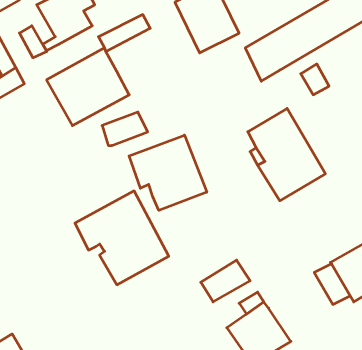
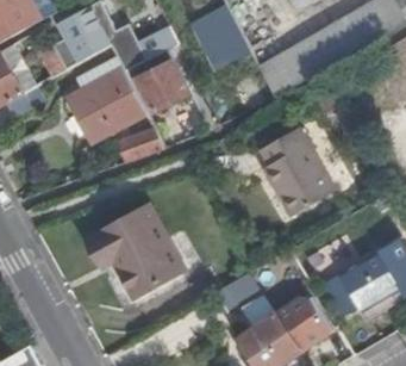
building: none -> [137,63,189,113]
building: [129,135,207,210] -> none
building: none -> [280,299,330,351]

